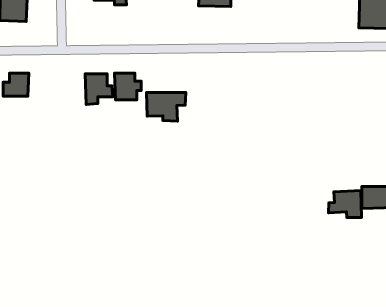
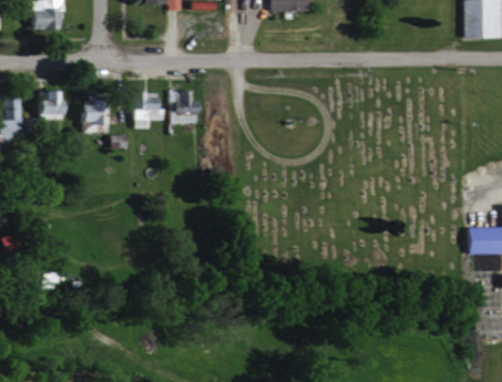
building: none -> [80,104,111,133]
building: [146,93,186,121] -> none
building: [328,190,361,218] -> none

